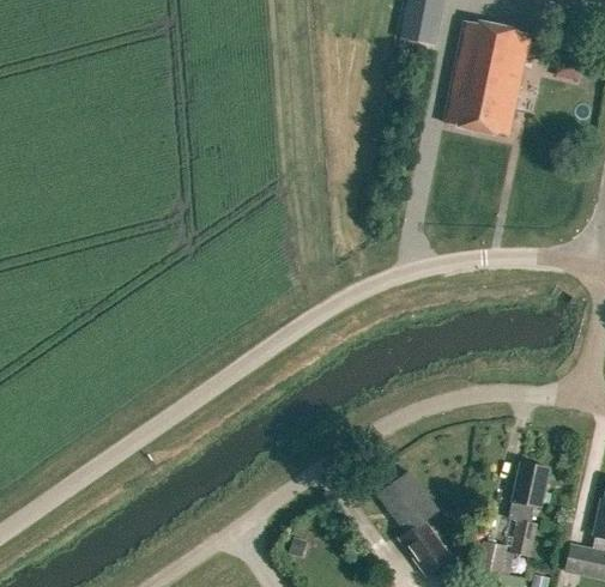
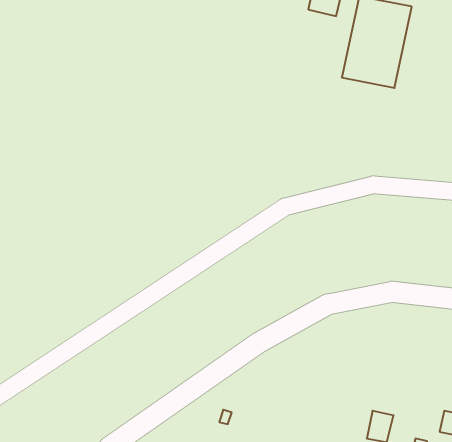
building: [509,460,549,553] -> none
building: [377,468,452,574] -> none

